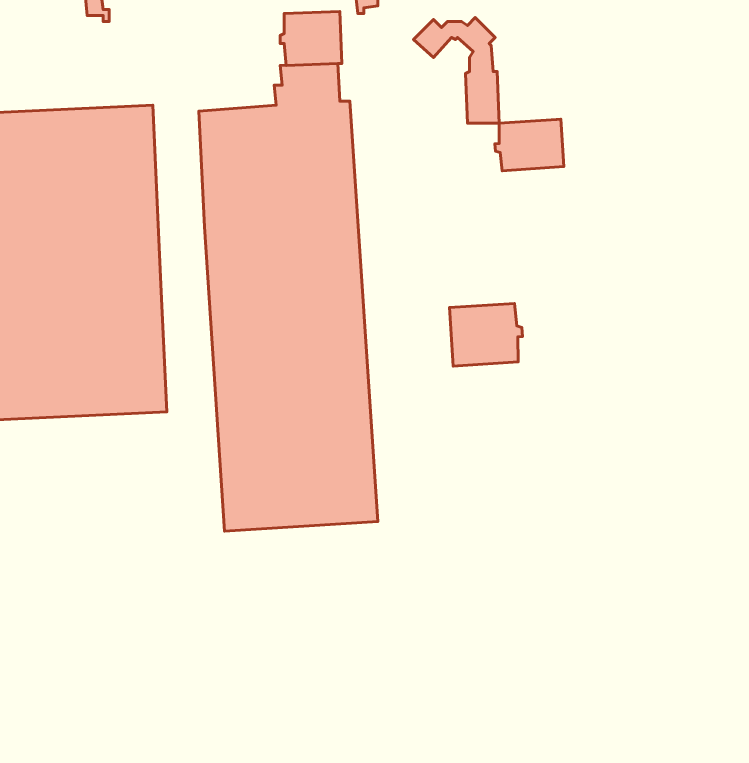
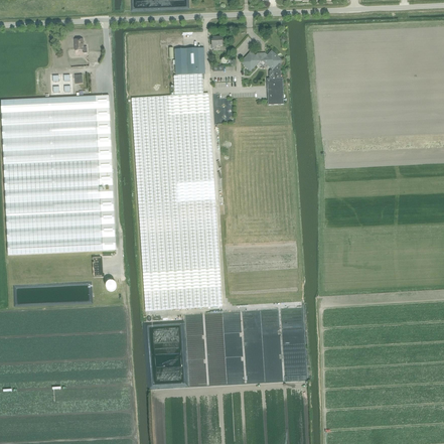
building: [495,119,564,171] -> none
building: [449,303,523,366] -> none

